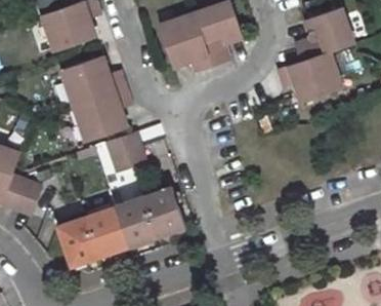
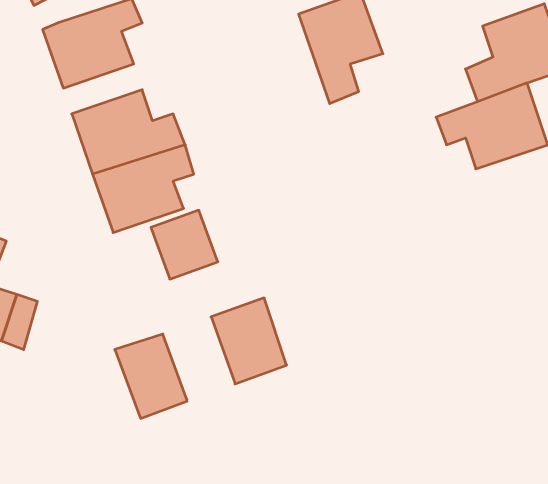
building: [157,13,213,73] -> none
building: [111,189,157,244] -> none
building: [56,214,100,266] -> none

